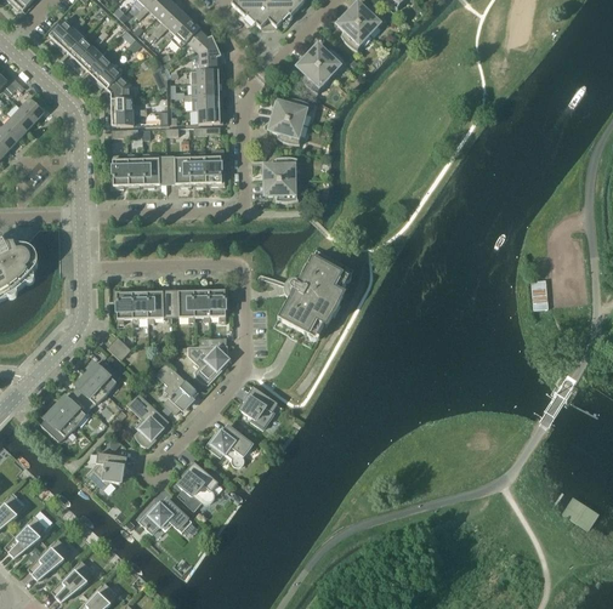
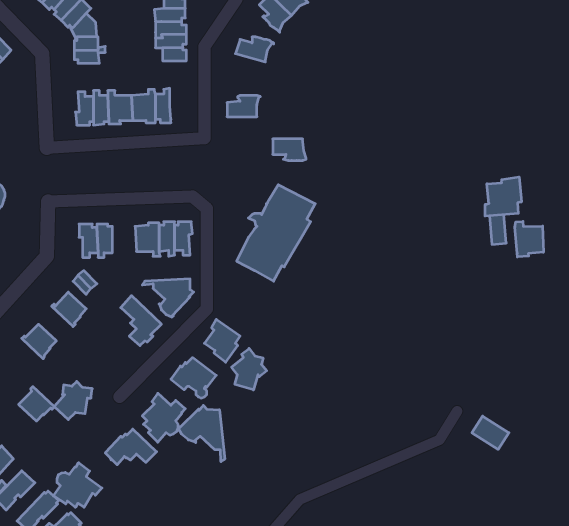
building: [268,115,302,144] -> none
building: [205,148,225,186] -> none
building: [263,180,297,201] -> [273,139,306,160]
building: none -> [485,177,521,216]
building: none -> [515,221,543,257]
building: [147,288,171,323] -> none
building: [72,372,107,408] -> none
building: [126,392,168,446] -> none
building: [40,405,76,440] -> [19,387,54,421]
building: none -> [232,348,267,390]
building: none -> [178,405,225,462]
building: [561,495,598,529] -> [472,416,509,449]
building: none -> [53,463,102,507]

